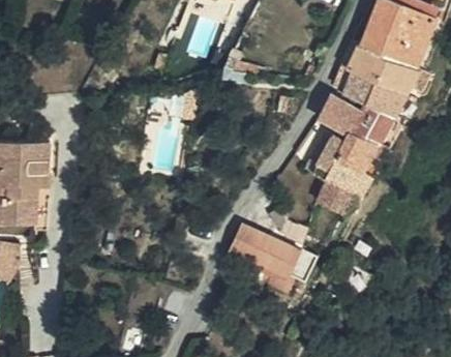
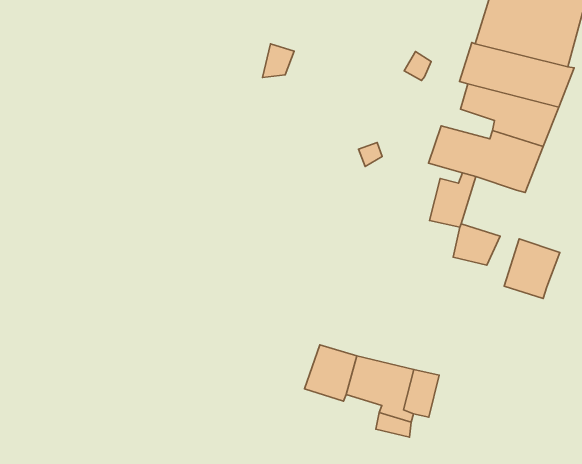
building: [335,152,372,191] -> [504,239,560,299]
building: [260,227,307,266] -> none

